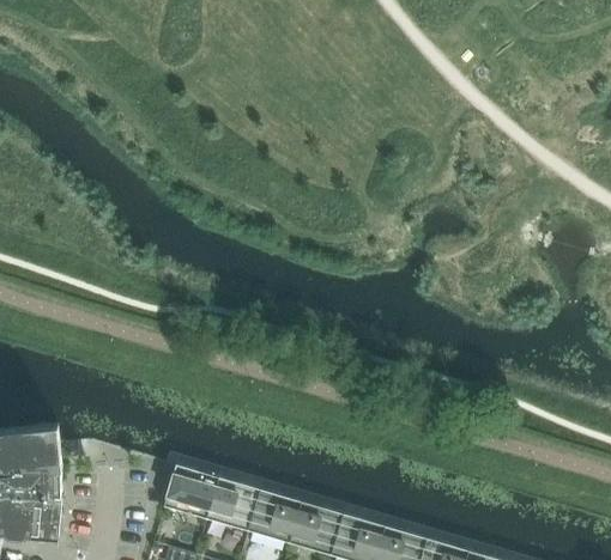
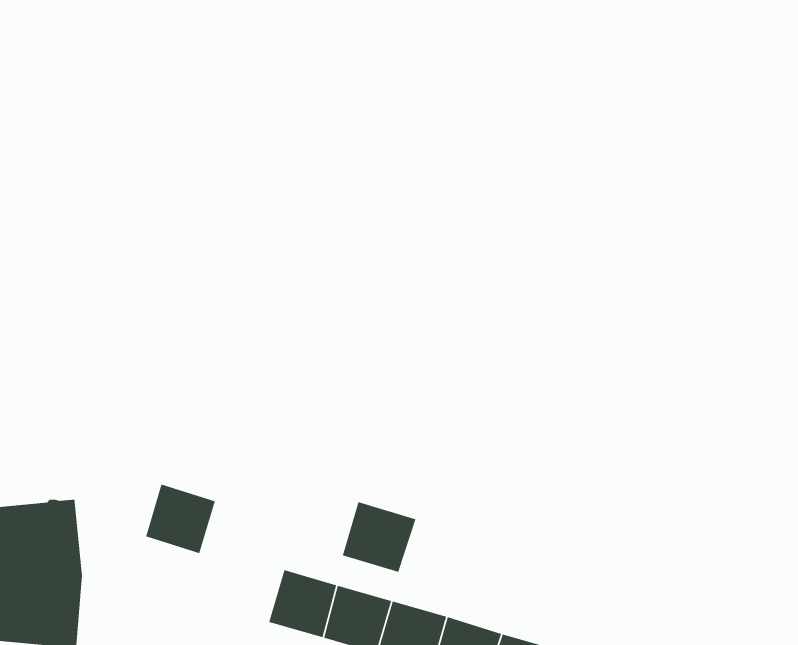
building: none -> [342,501,416,573]
building: [163,462,217,516] -> [145,484,216,554]

